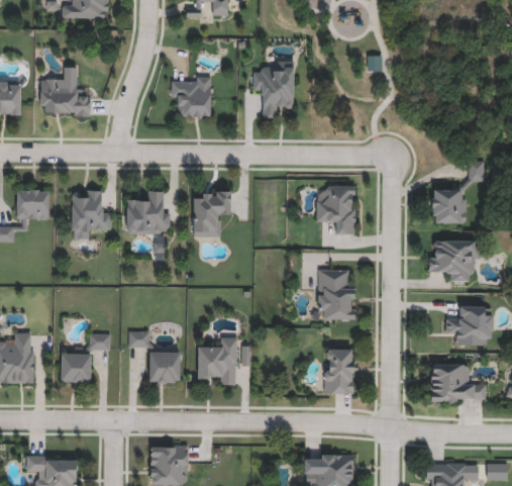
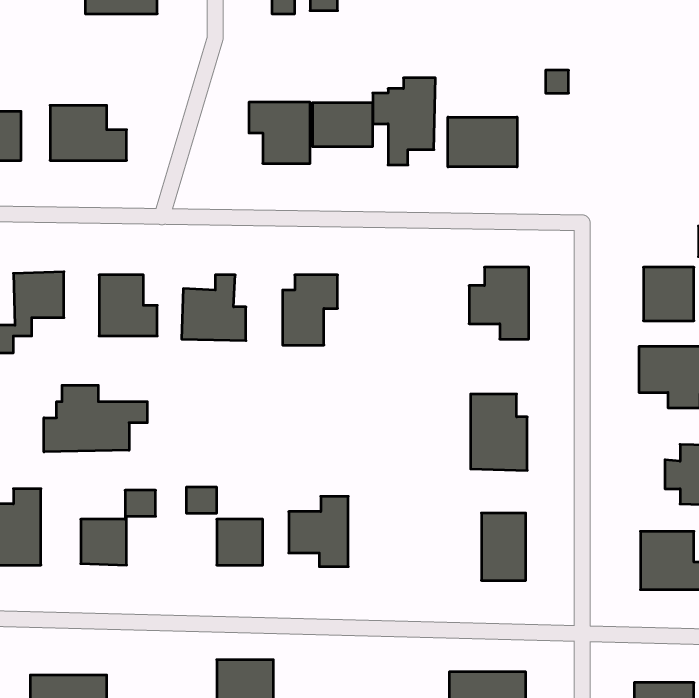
building: none -> [313,103,372,147]
building: none -> [448,117,517,167]
building: none -> [44,385,147,452]

